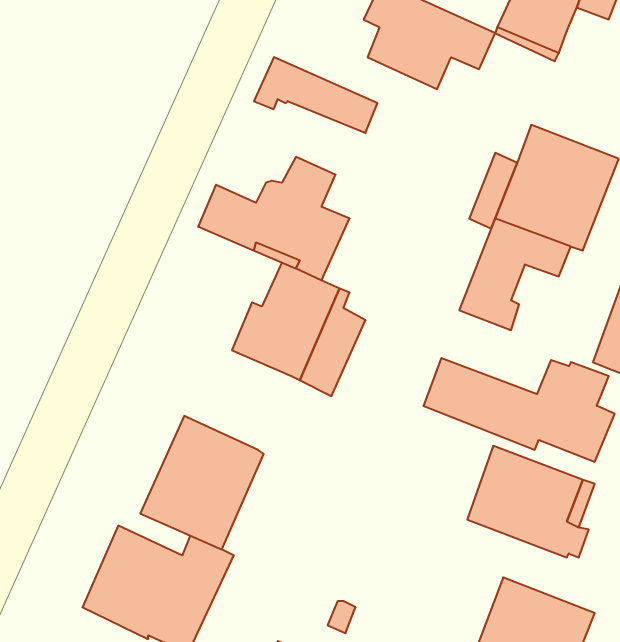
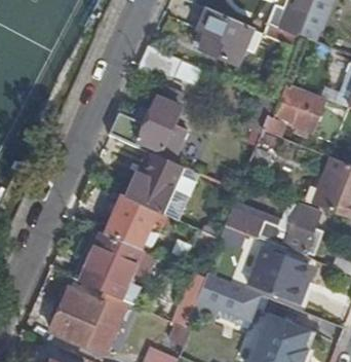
building: none -> [104,194,157,249]
building: none -> [191,273,267,327]

